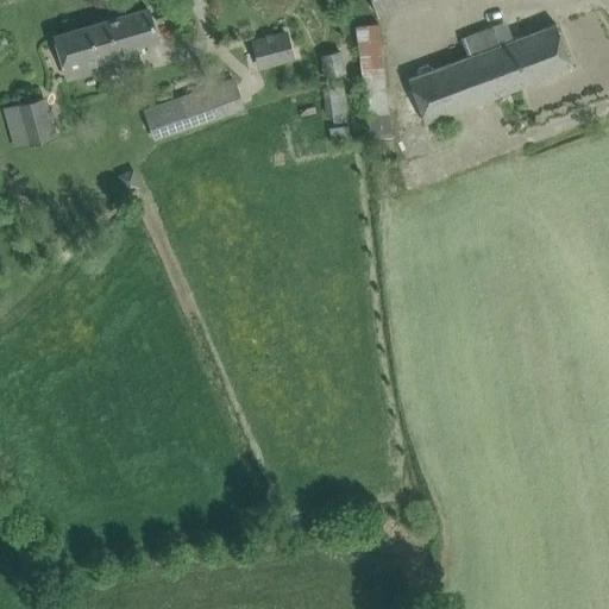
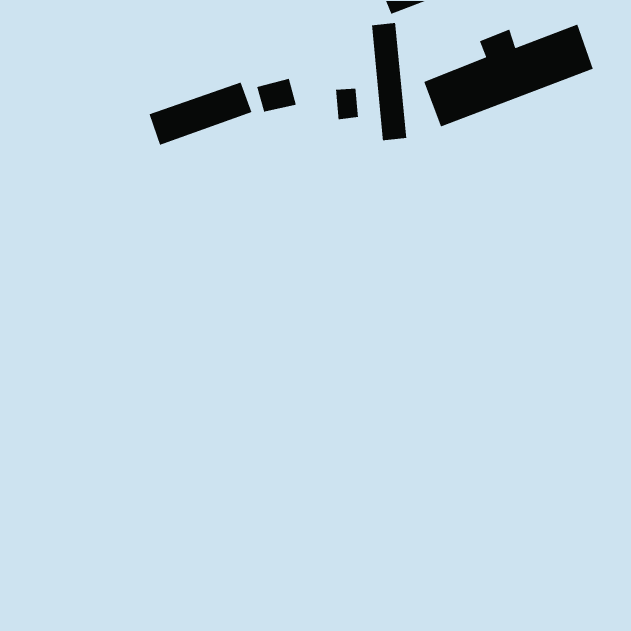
building: [54,10,156,79] -> none
building: [252,33,291,67] -> [256,78,297,112]
building: [5,100,51,146] -> none

